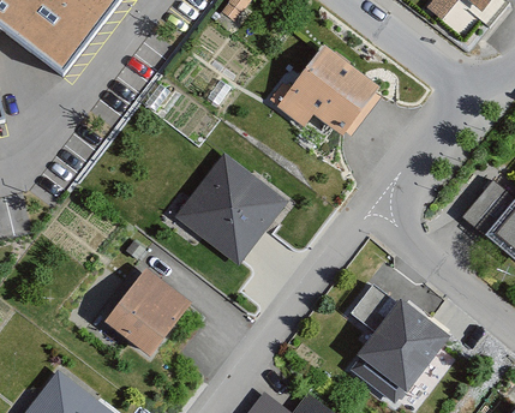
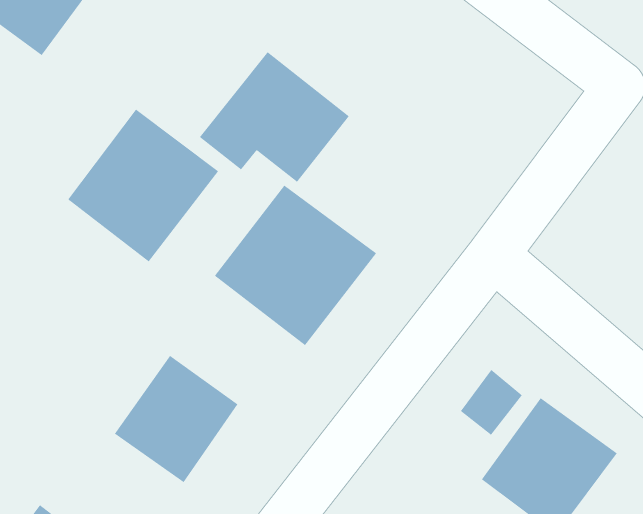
building: [279,46,382,136] -> [199,51,350,183]
building: none -> [67,109,219,263]

